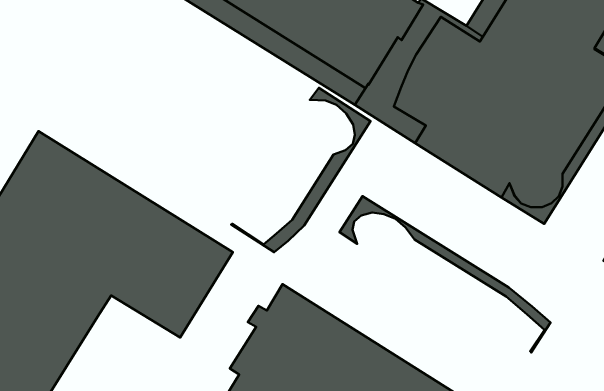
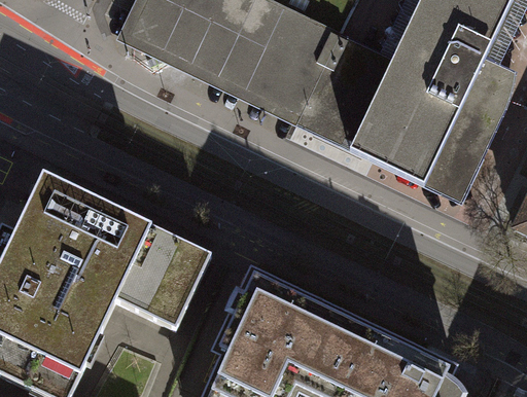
building: [231,88,370,252] -> none
building: [340,196,550,352] -> none

